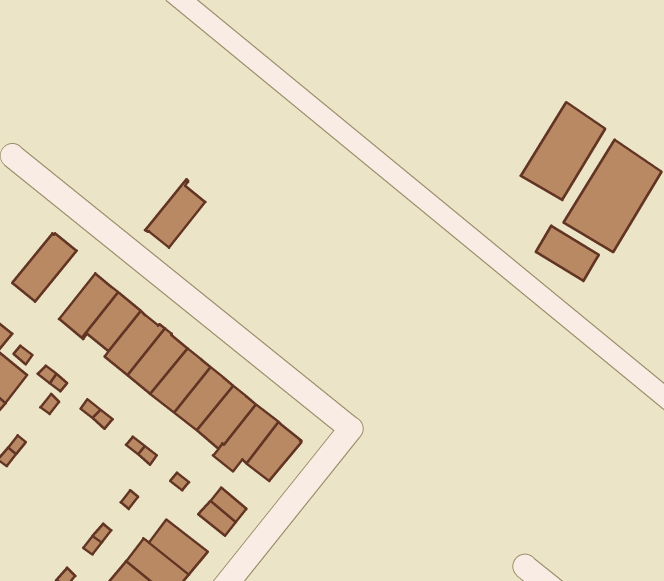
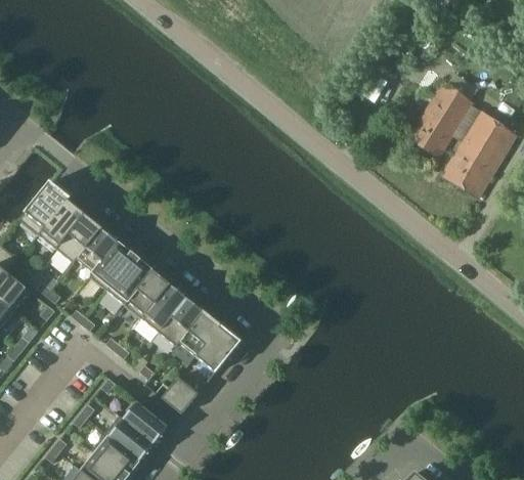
building: [145,179,205,248] -> [37,195,83,248]
building: [536,226,599,281] -> none

